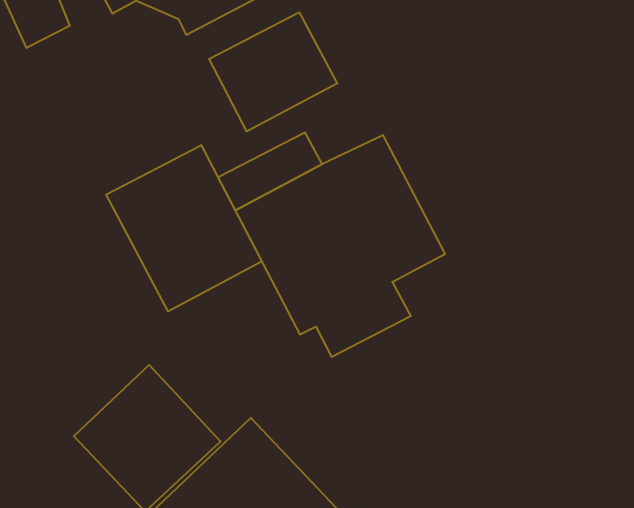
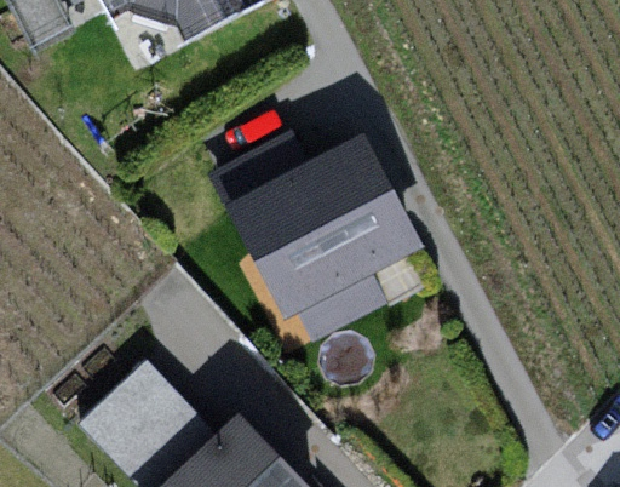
building: [209,12,337,131] -> none
building: [106,145,262,311] -> none

